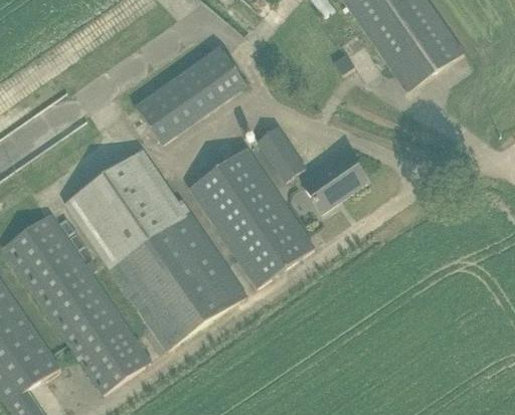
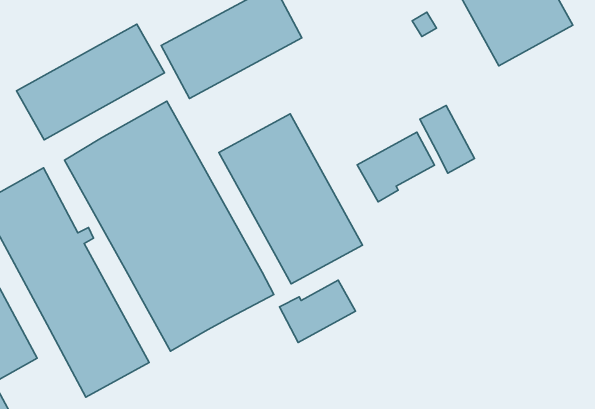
building: none -> [16,24,164,140]
building: [258,128,305,182] -> [420,106,474,173]
building: none -> [279,280,355,343]

